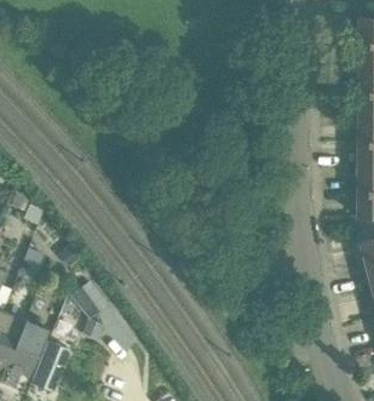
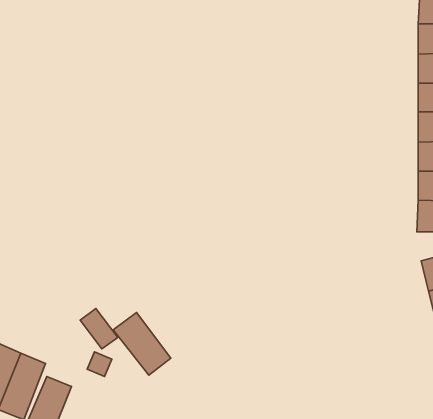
building: none -> [113,313,171,375]

